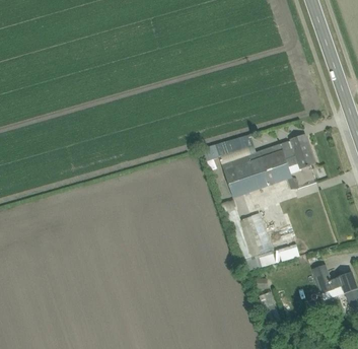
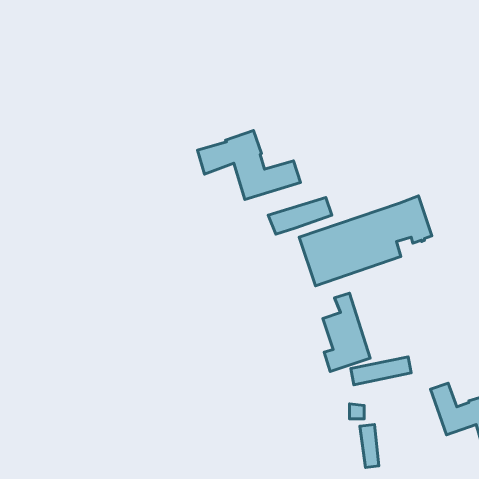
building: none -> [198,131,300,199]

